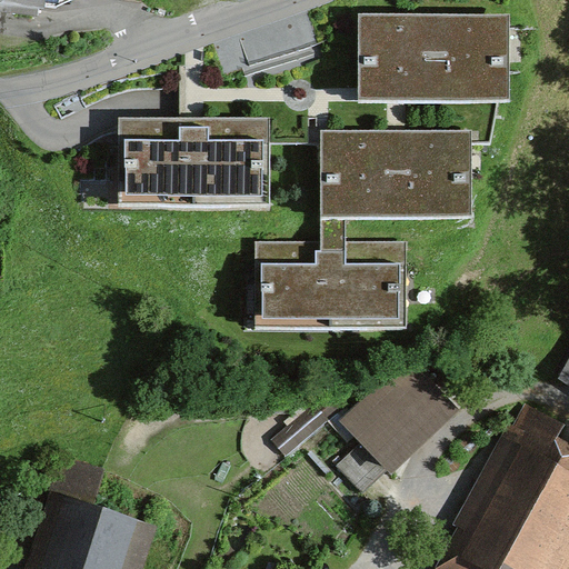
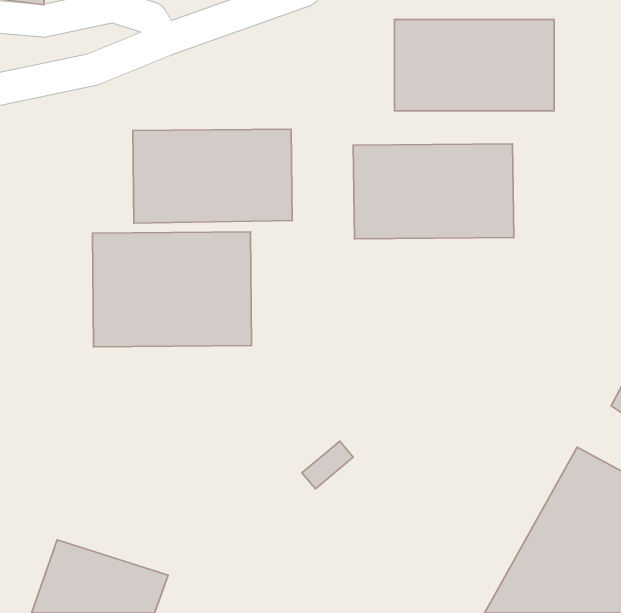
building: none -> [93,232,252,347]
building: [259,239,403,326] -> none
building: [338,357,451,481] -> none

